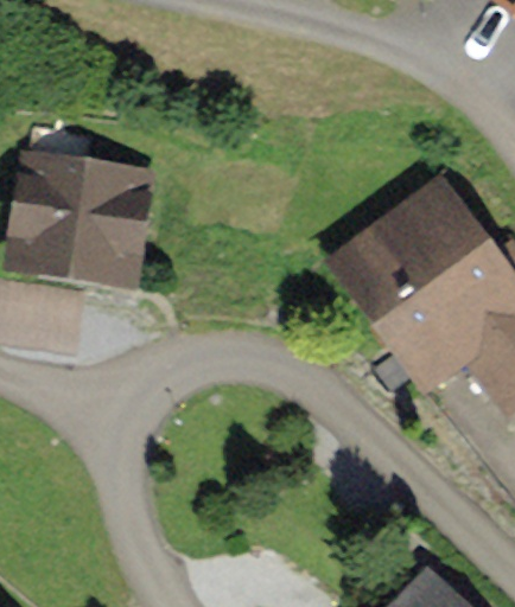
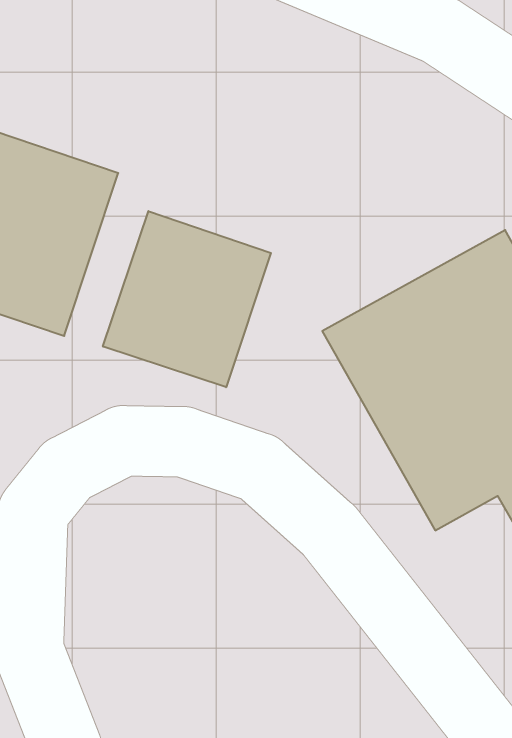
building: none -> [103,211,271,387]

